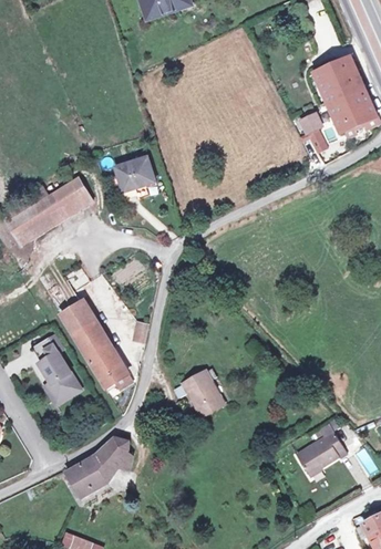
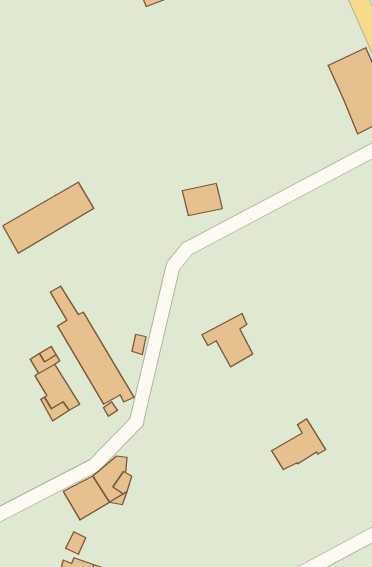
building: [303,117,328,152] -> none
building: [120,162,157,191] -> [182,184,222,216]
building: [176,364,224,414] -> [202,314,253,367]
building: [297,425,348,473] -> [271,419,326,470]

